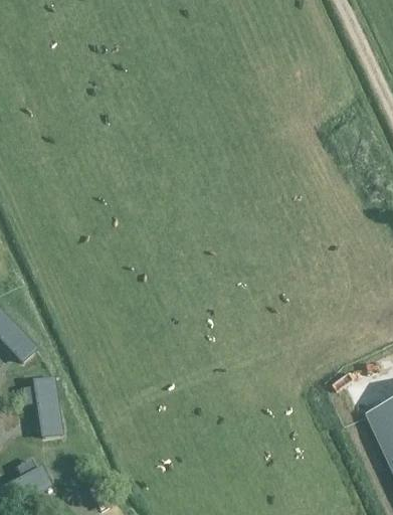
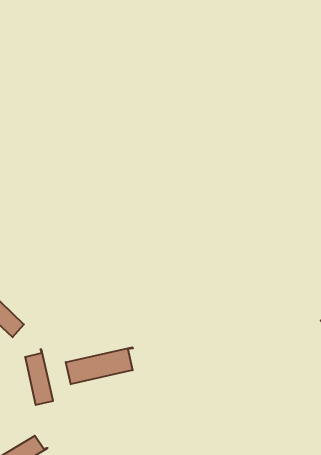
building: none -> [66,347,133,384]

